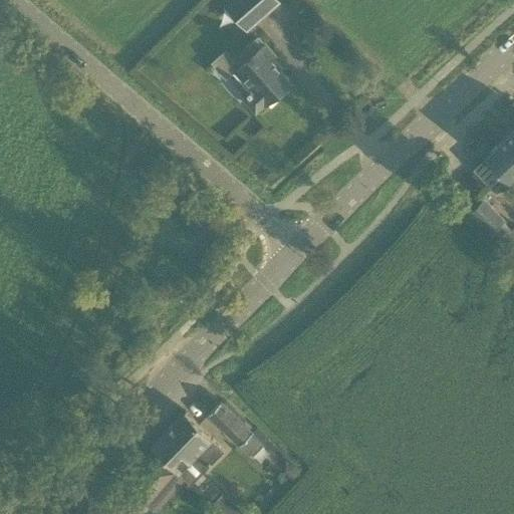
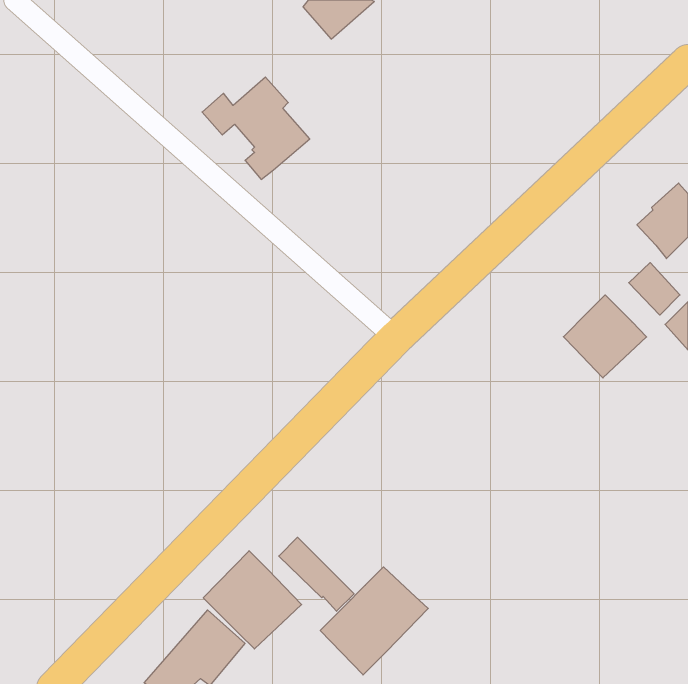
building: [211,38,291,114] -> [202,77,310,179]
building: none -> [563,295,647,378]
building: none -> [320,567,428,675]

